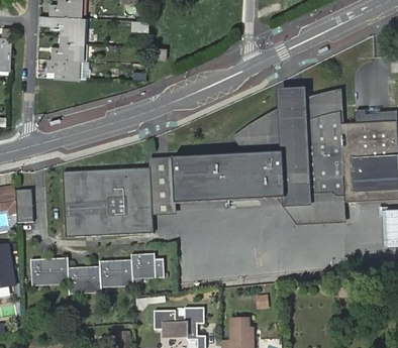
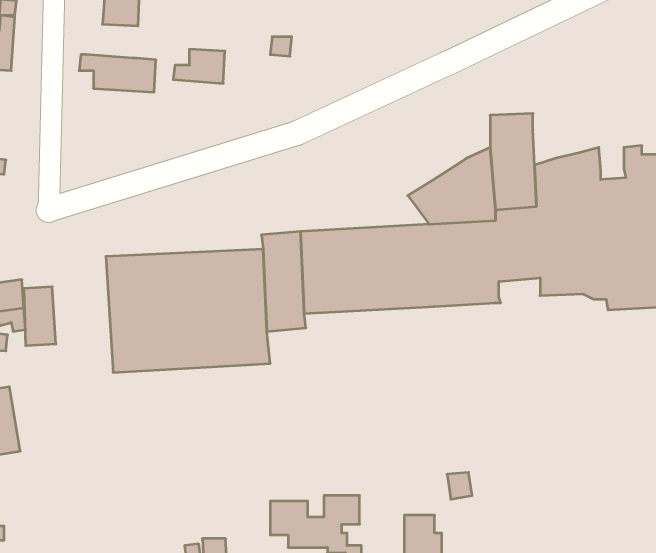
building: [51,40,80,60] -> [173,49,225,83]
building: [303,91,340,120] -> none
building: [282,184,345,224] -> none
building: [30,254,164,295] -> none

